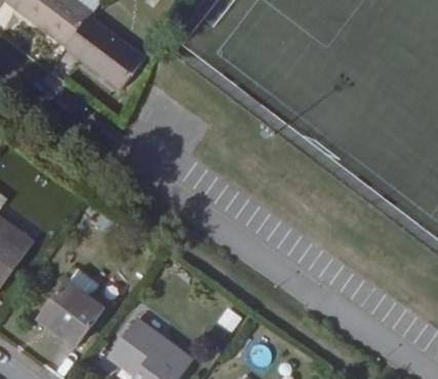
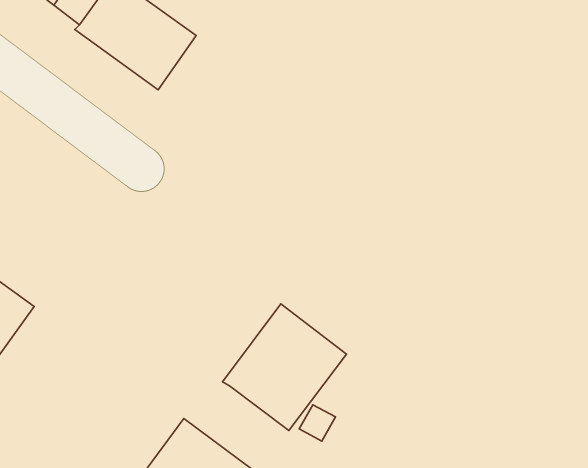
building: none -> [222,304,346,431]
building: [38,280,105,346] -> none

